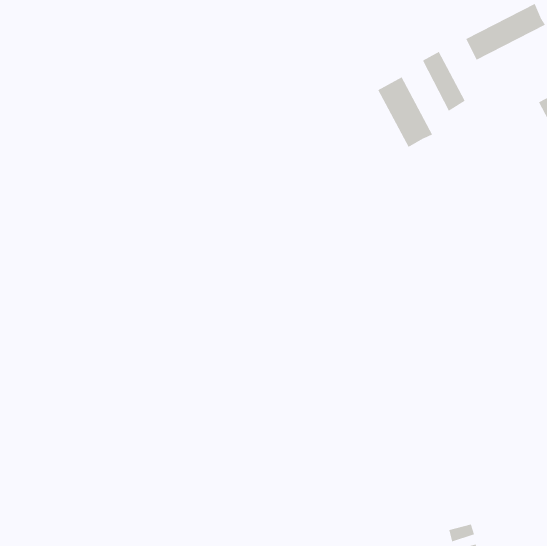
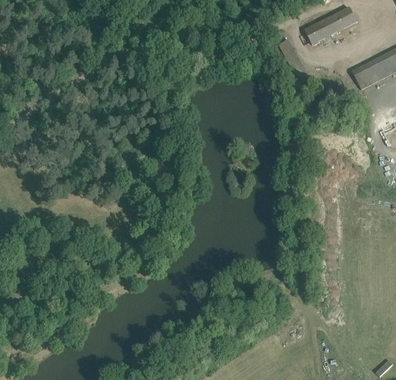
building: [378,77,433,148] -> none

